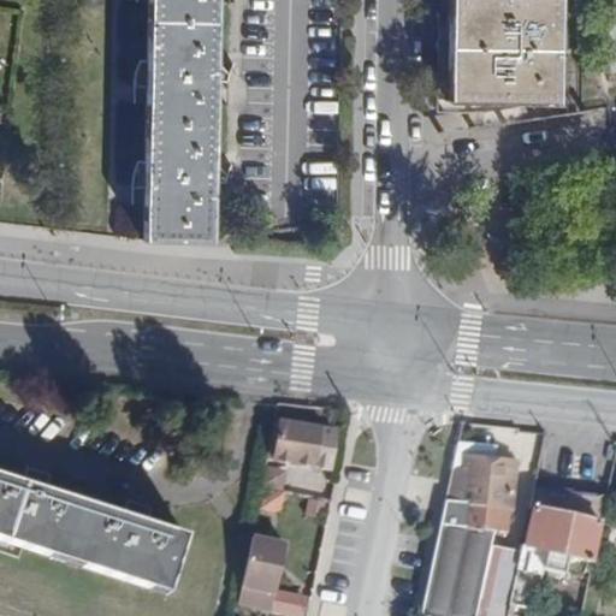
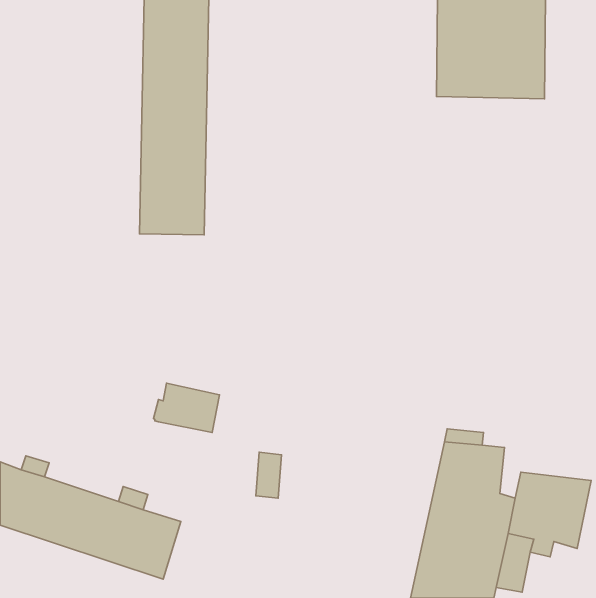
building: [271,419,338,469] -> [154,383,219,432]
building: [239,533,285,608] -> none

